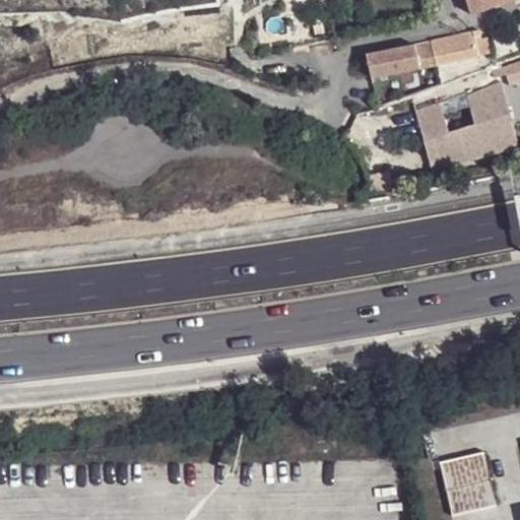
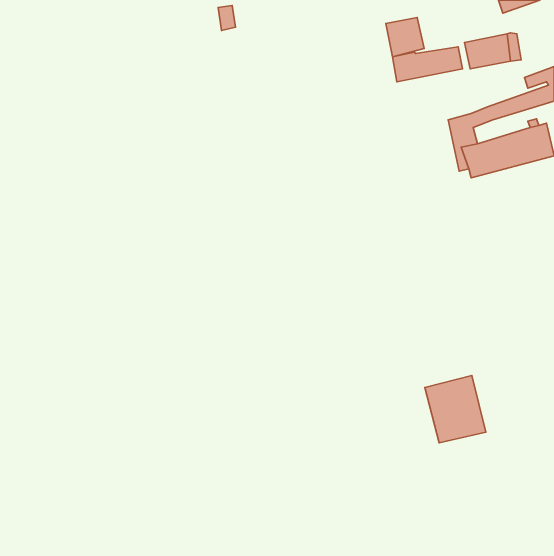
building: none -> [386,17,424,57]
building: [442,448,499,511] -> [425,375,486,443]

